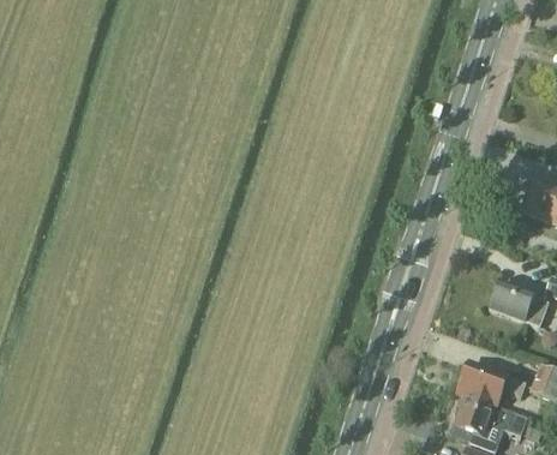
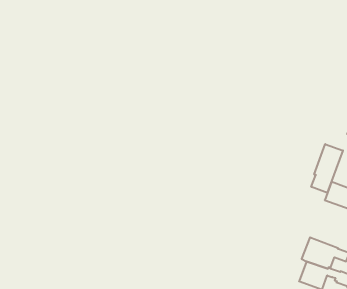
building: none -> [311,144,343,193]

